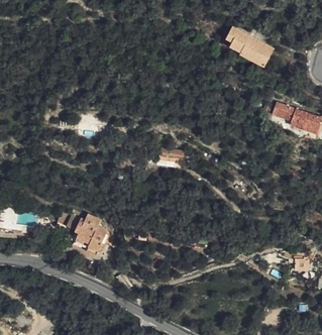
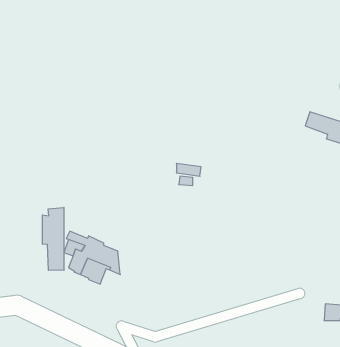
building: [224,26,272,66] -> none
building: none -> [43,207,64,270]

